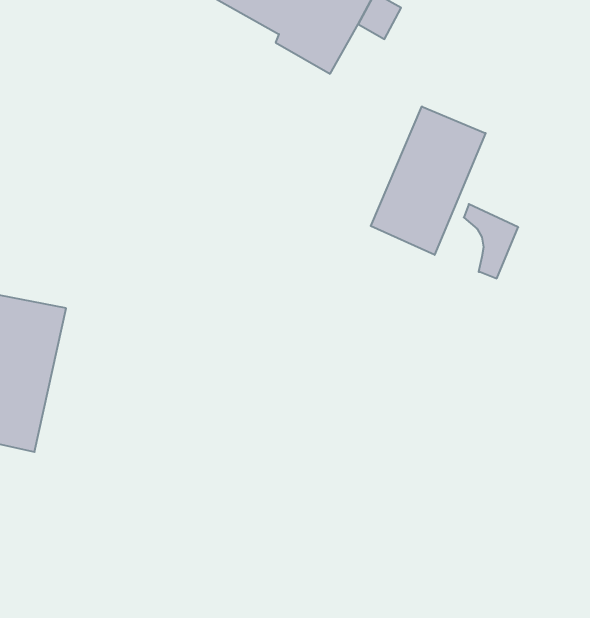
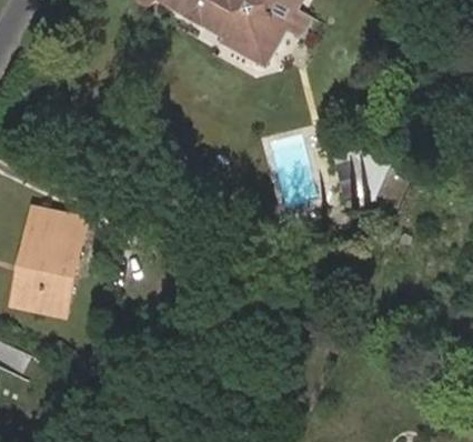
building: [371,106,486,255] -> none

